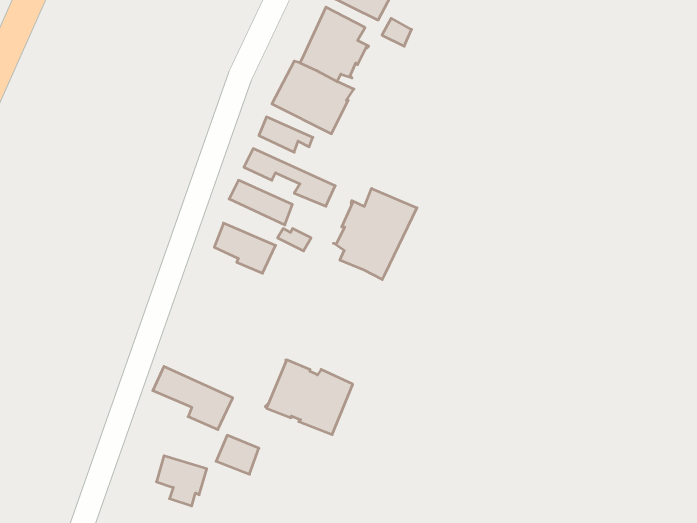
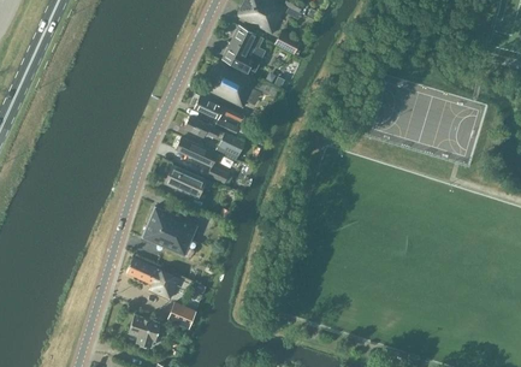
building: [333,188,417,280] -> none
building: [265,360,353,435] -> [141,208,197,256]

